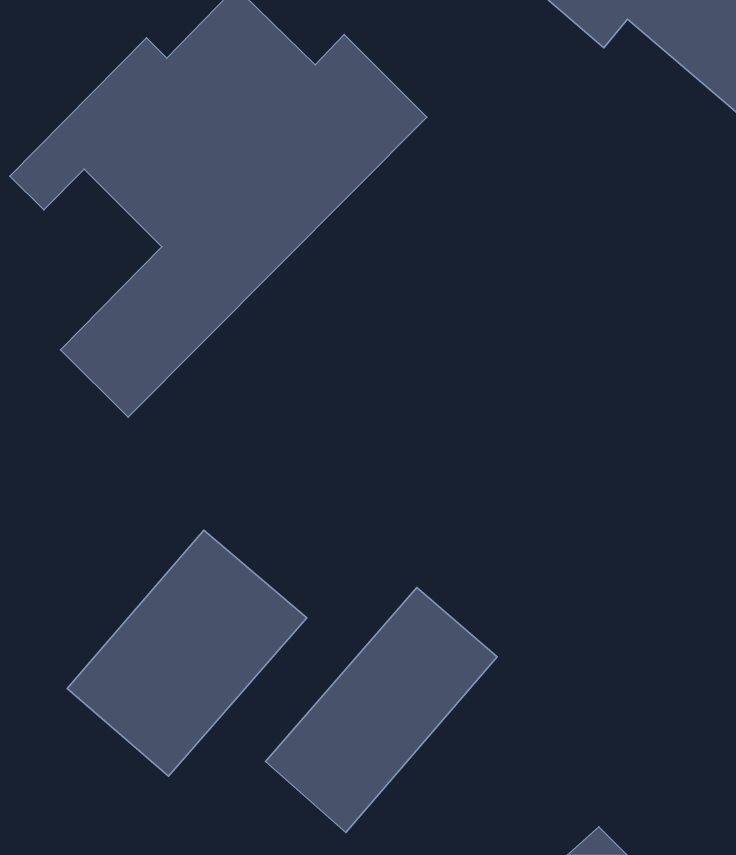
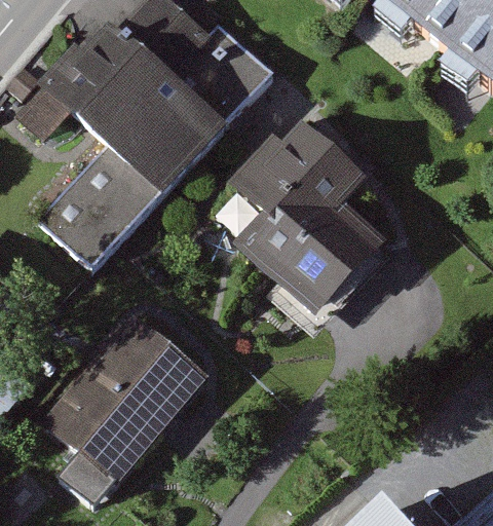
building: none -> [233,128,379,314]
building: [265,587,497,833] -> none

